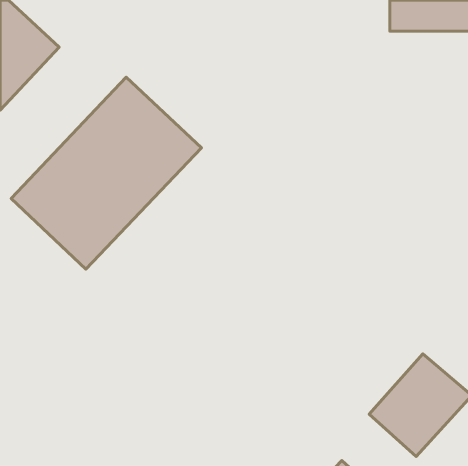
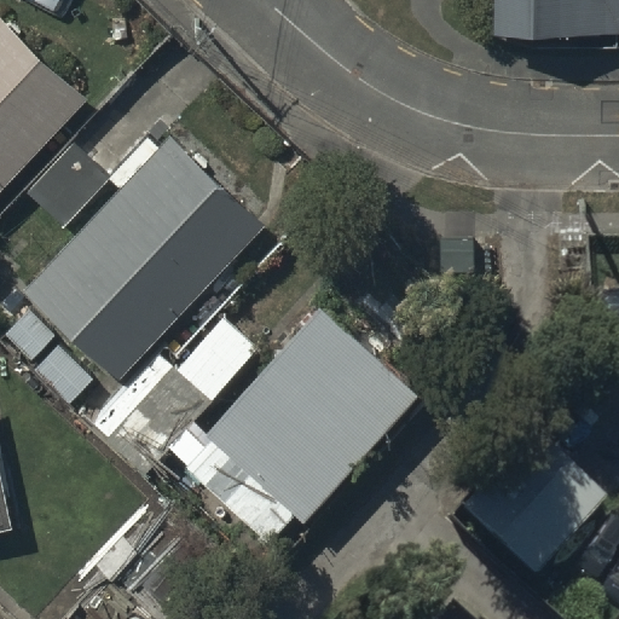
building: none -> [206,280,428,504]

